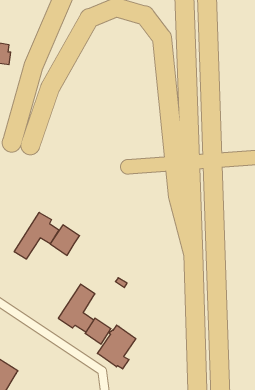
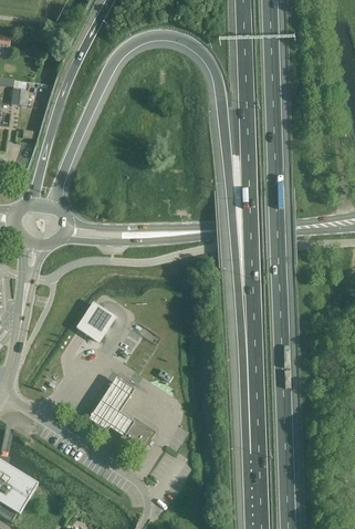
building: [14,212,59,259] -> none
building: [97,325,136,369] -> none

